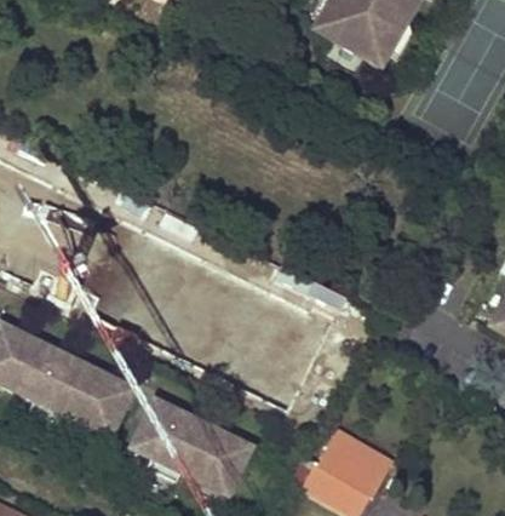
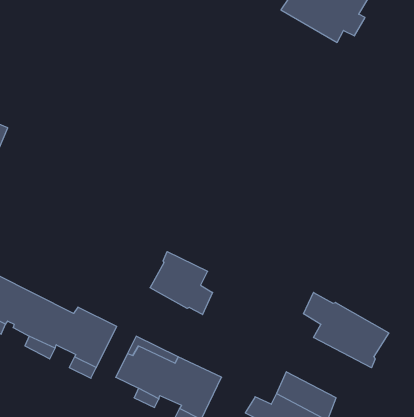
building: none -> [150,252,213,315]
building: none -> [304,292,389,368]

